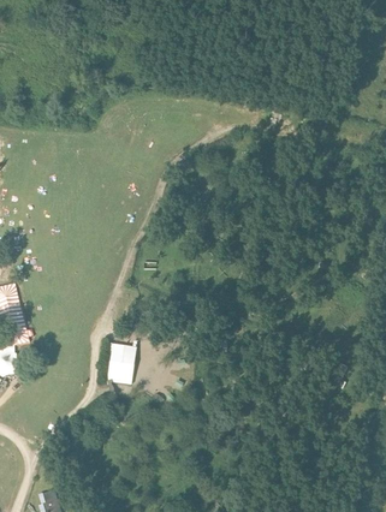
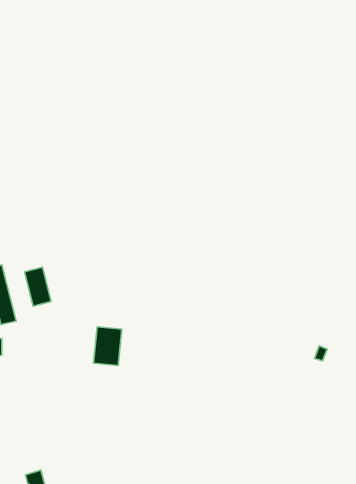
building: none -> [25,267,51,306]

